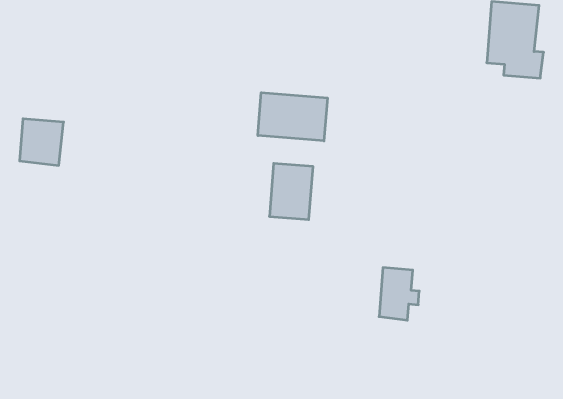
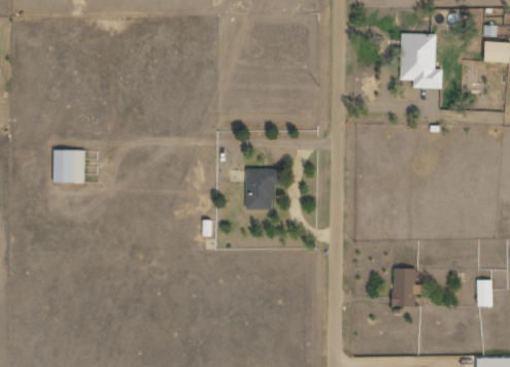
building: [258,93,327,141] -> none
building: [379,268,419,320] -> [393,268,421,306]

